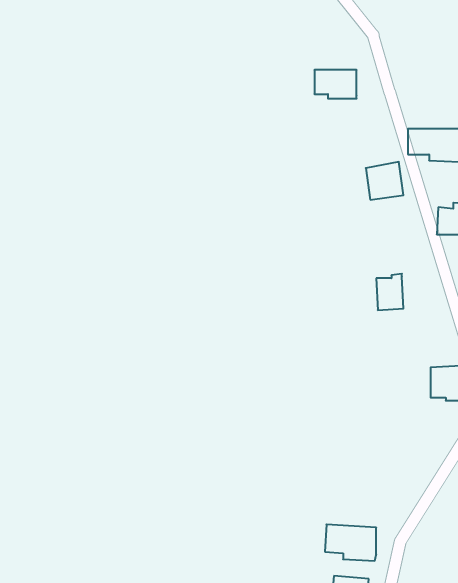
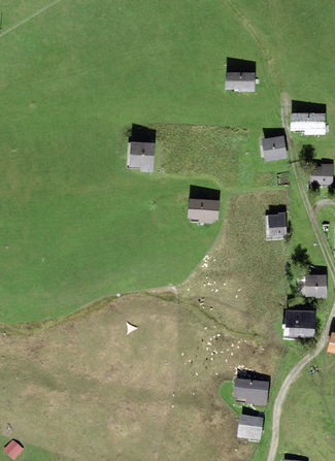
building: none -> [129,140,155,171]
building: none -> [188,198,219,222]
building: none -> [284,308,316,336]

